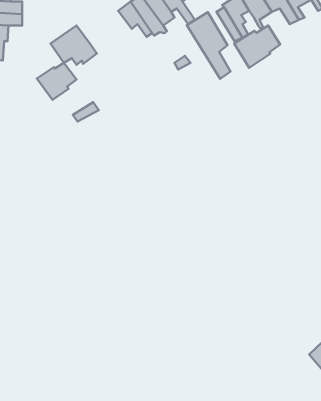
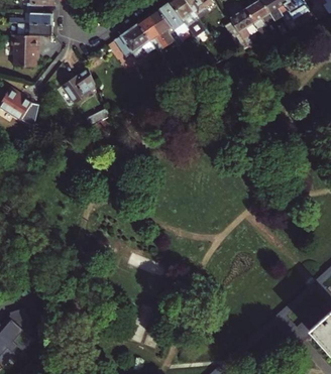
building: [187,12,230,79] -> none
building: [50,25,97,65] -> [113,22,154,57]
building: [234,25,280,68] -> none

